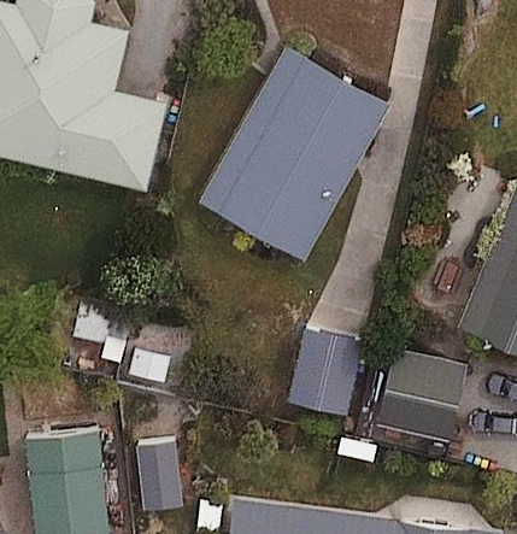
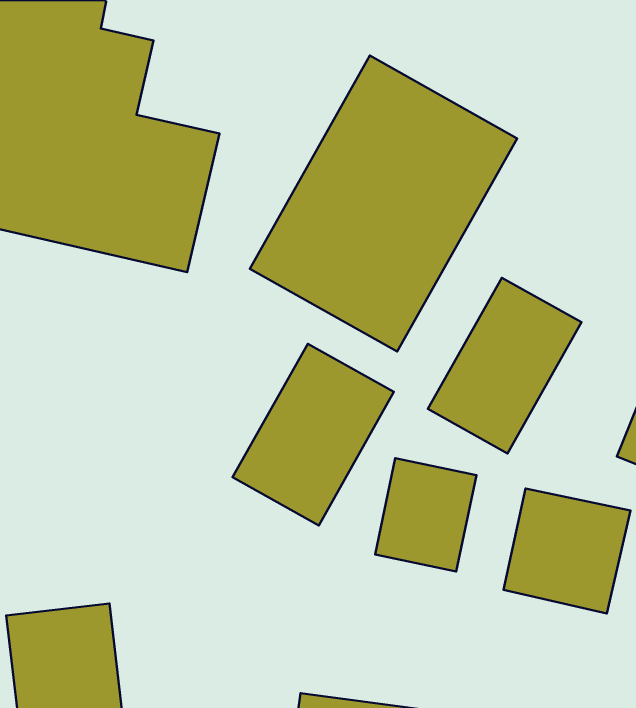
building: none -> [428,278,582,453]
building: none -> [232,344,394,525]

